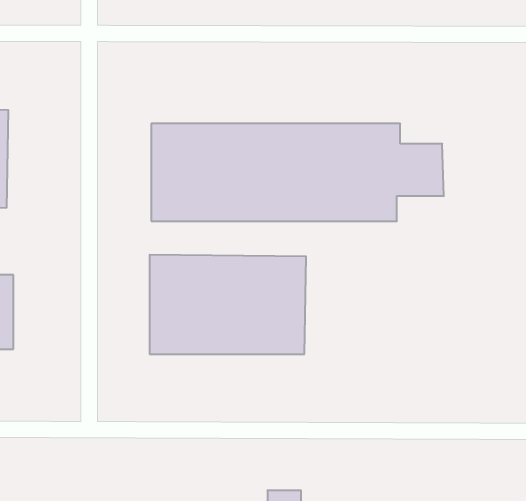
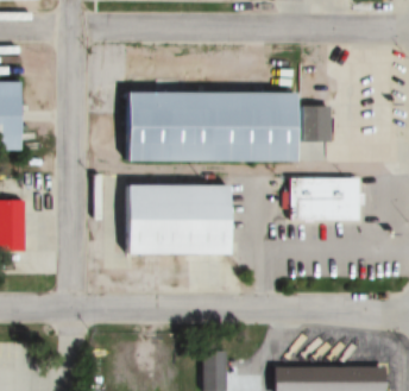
building: none -> [290,177,360,222]

